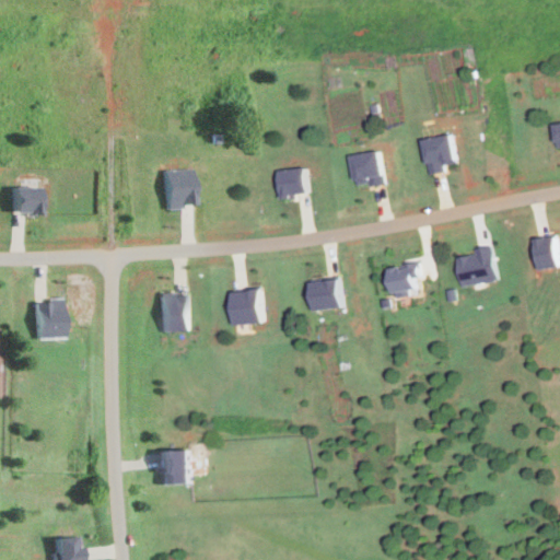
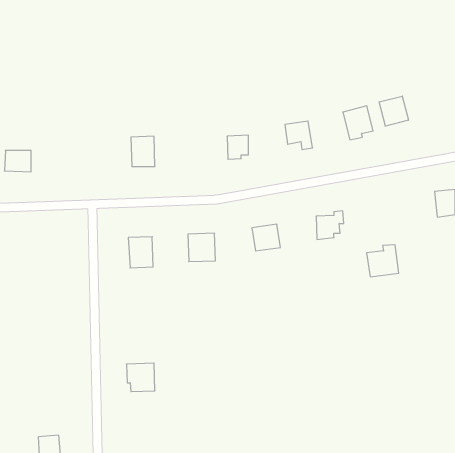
building: none -> [379,96,408,126]
building: [457,246,497,285] -> [367,245,399,277]
building: [32,301,60,339] -> none

